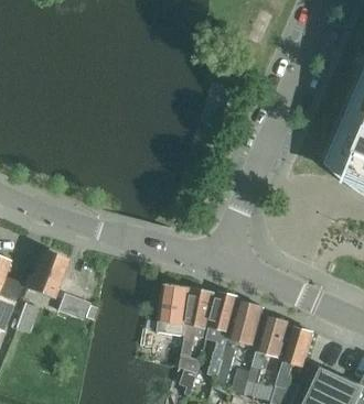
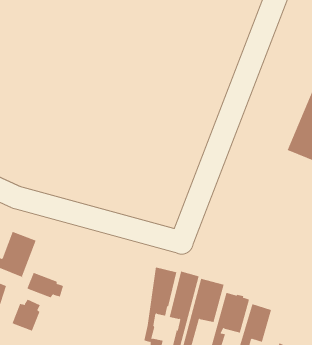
building: [159,284,190,325] -> none
building: none -> [12,299,40,332]

